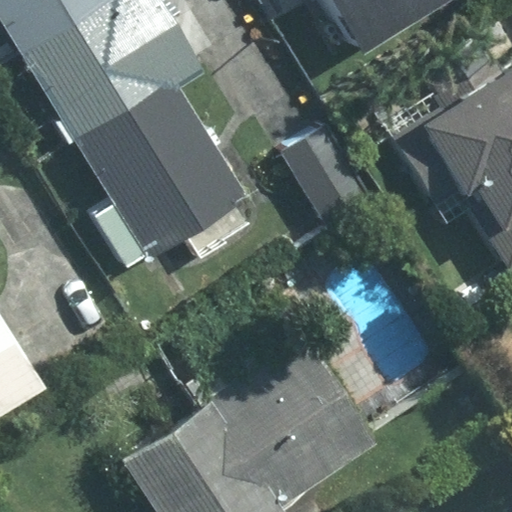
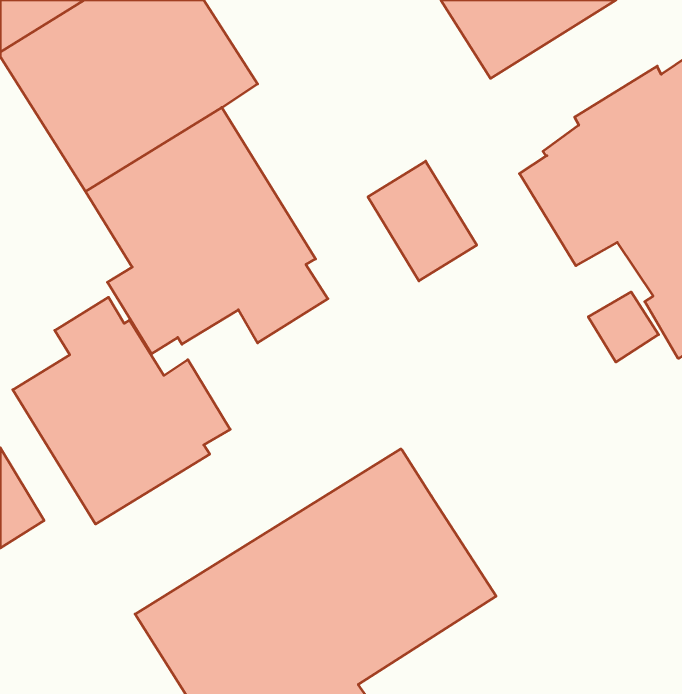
building: none -> [13,297,230,524]

